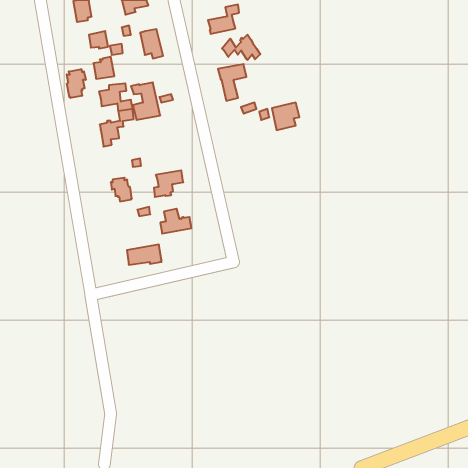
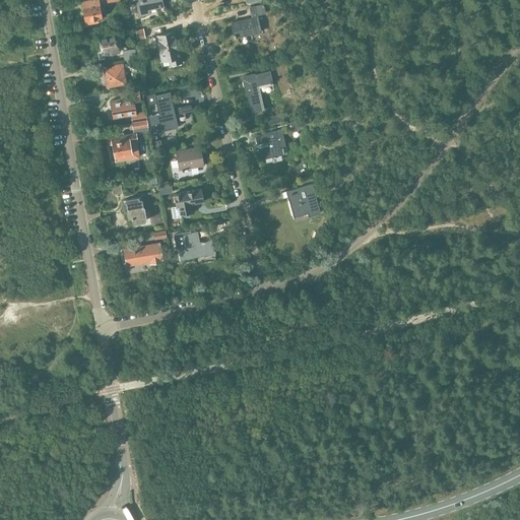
building: [222,35,260,60] -> none
building: [67,69,86,98] -> none
building: [272,103,299,130] -> [255,130,285,160]
building: none -> [176,146,203,171]
building: none -> [287,185,320,218]
building: [127,245,162,265] -> [124,243,162,265]

